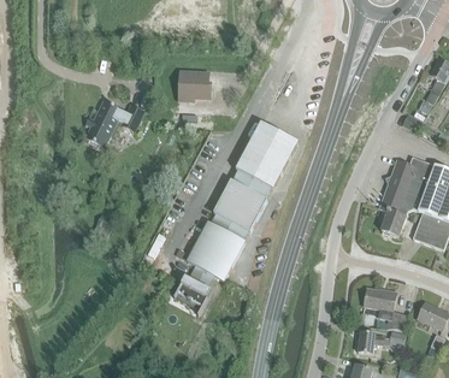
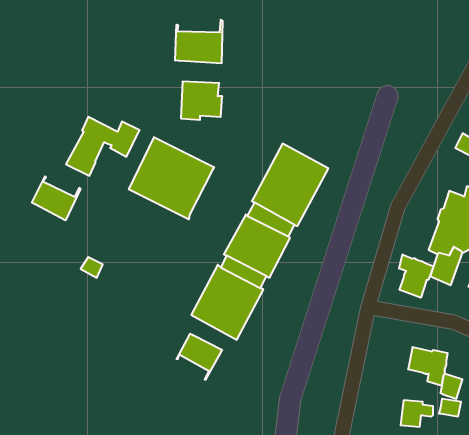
building: none -> [175,20,222,63]
building: none -> [129,137,214,219]
building: none -> [32,176,81,220]
building: none -> [399,254,433,298]

